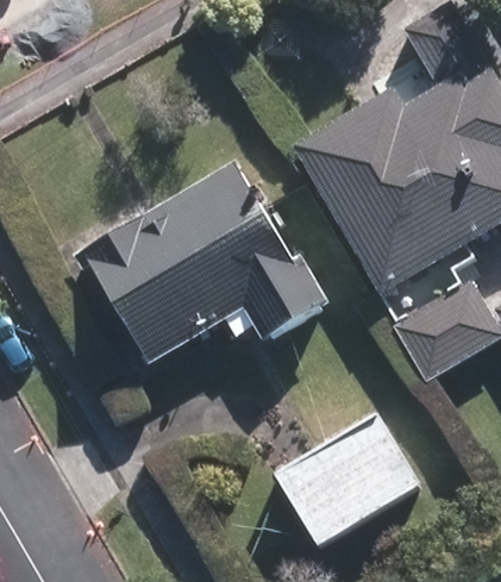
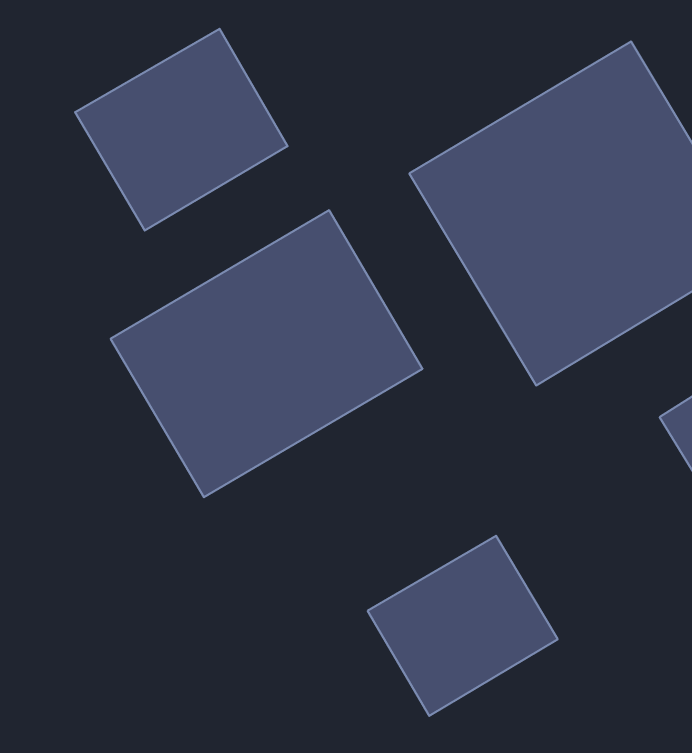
building: none -> [75,29,288,231]

